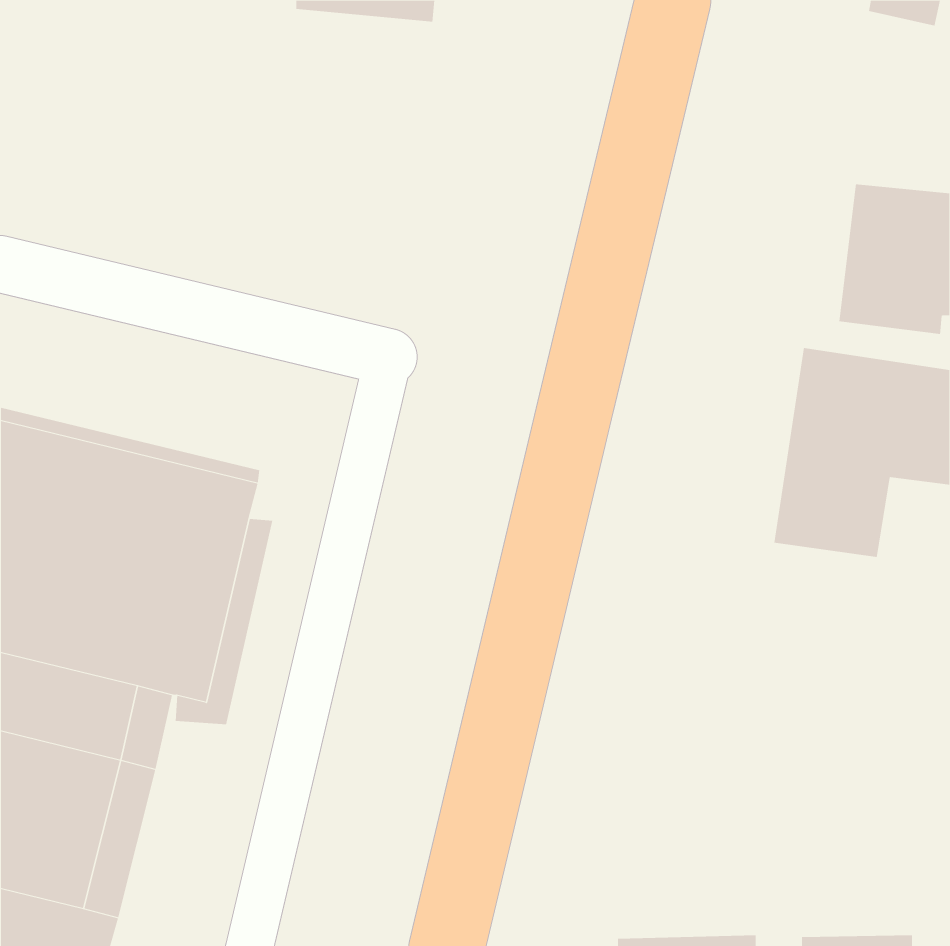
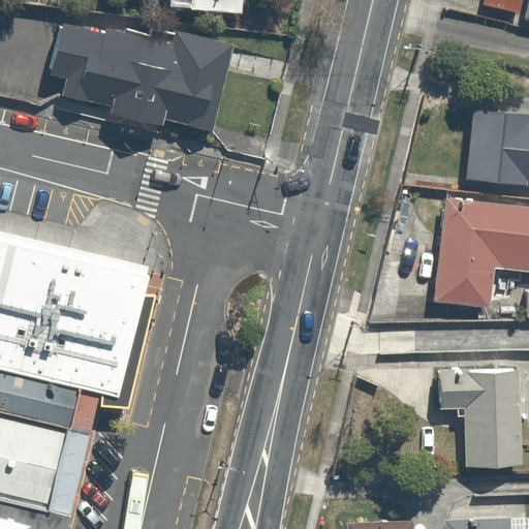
building: none -> [46,20,231,129]
building: none -> [440,369,521,469]

